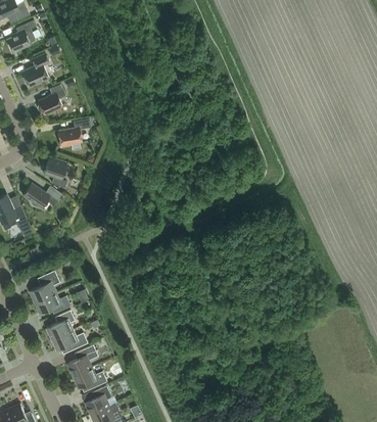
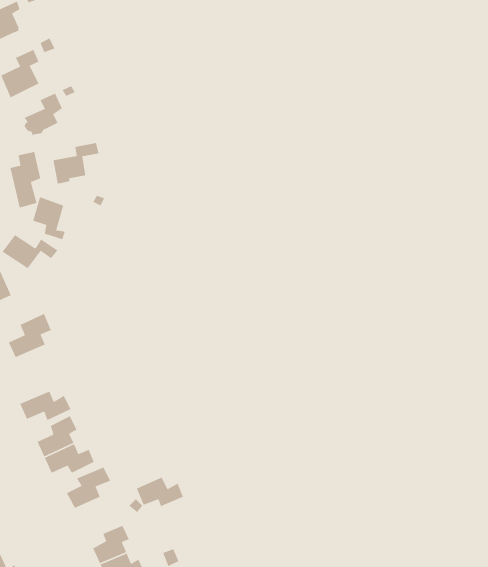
building: none -> [9,151,41,208]
building: [29,270,59,301] -> [8,313,52,358]
building: [73,367,106,388] -> [136,477,184,507]

